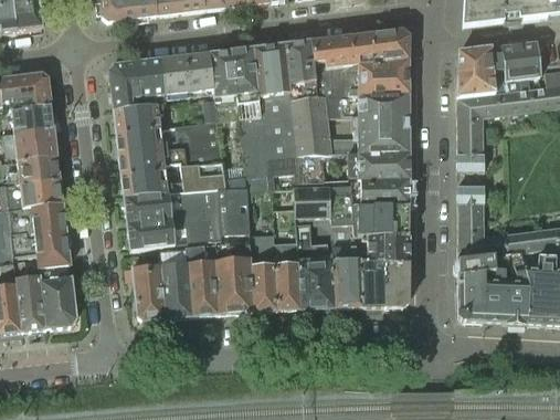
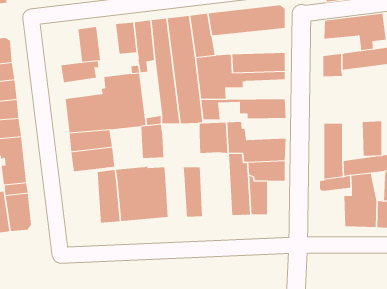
building: [161,55,190,98] -> none
building: [313,61,409,96] -> none
building: [109,62,141,109] -> none
building: [457,71,507,97] -> none
building: [457,124,484,170] -> [362,121,382,156]
building: [117,126,168,154] -> none
building: [330,128,409,155] -> none
building: [356,179,410,208] -> none
building: [179,190,221,243] -> none
building: [296,224,338,308] -> none
building: [250,232,278,309] -> none
building: [385,262,409,306] -> none
building: [133,264,166,319] -> none
building: [458,272,486,322] -> none

